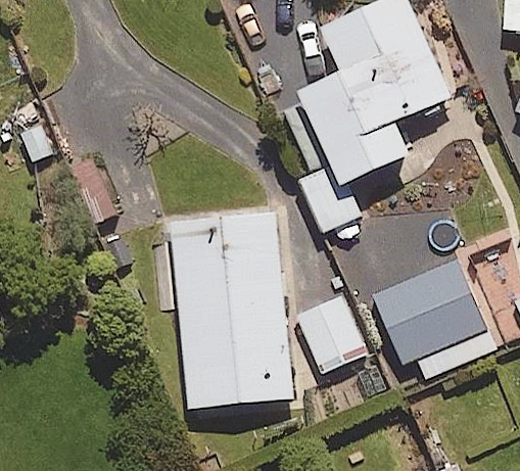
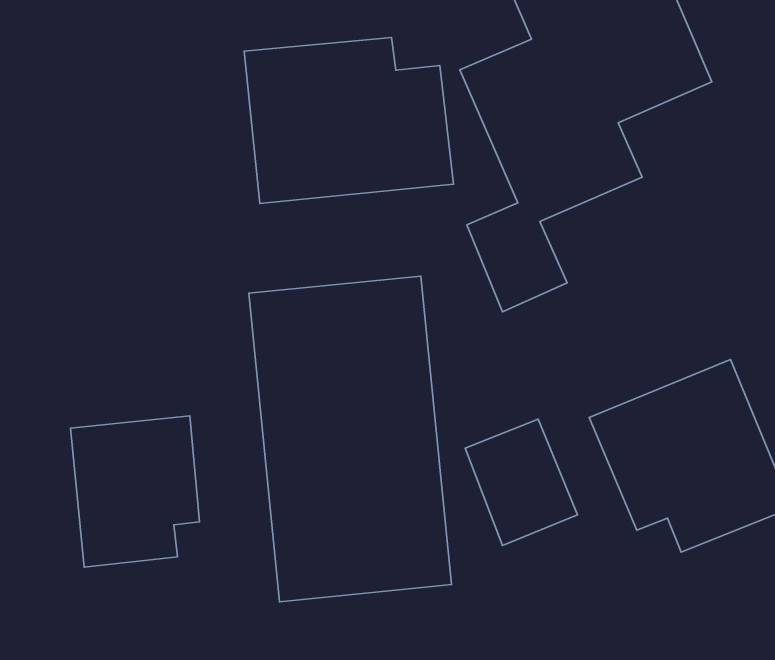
building: none -> [244,38,453,203]
building: none -> [70,416,200,567]

